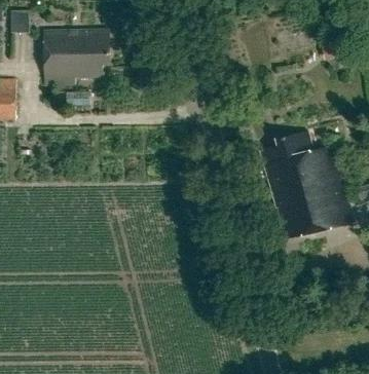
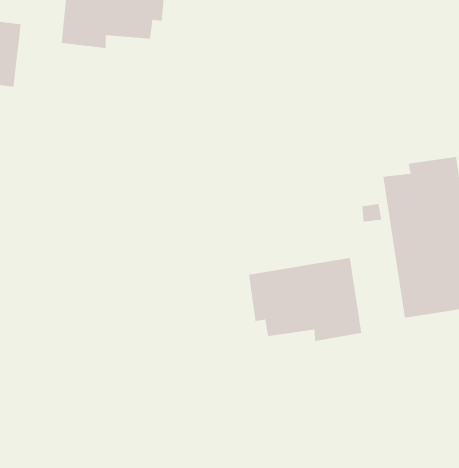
building: none -> [248,257,362,342]

